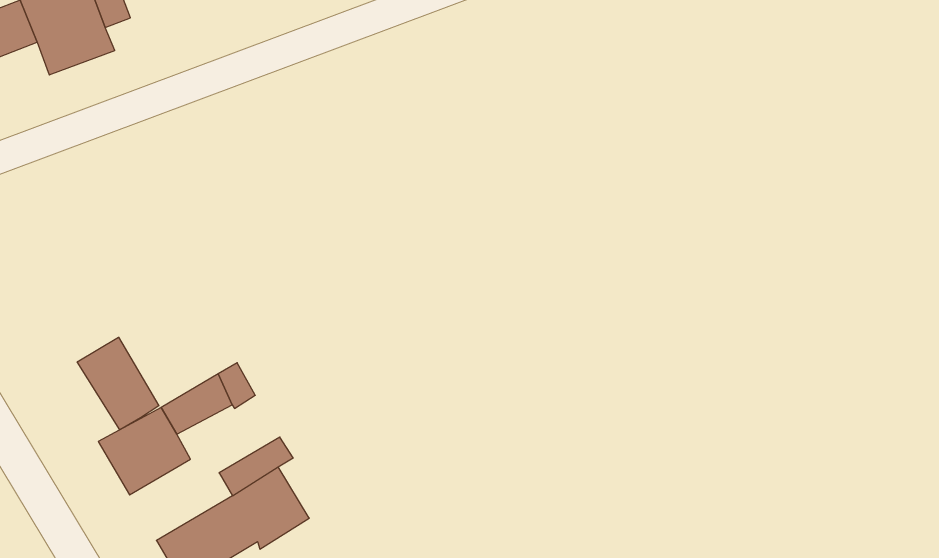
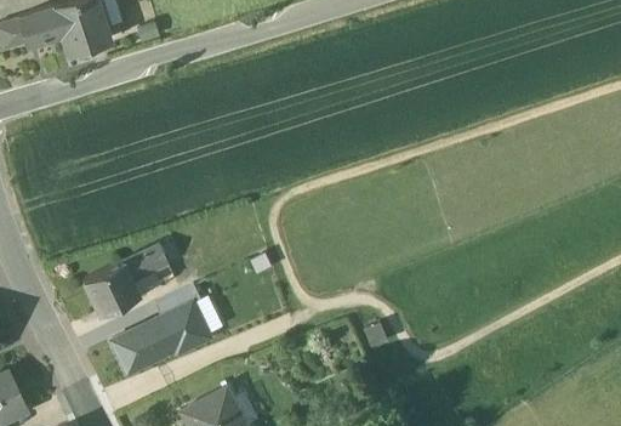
building: [77,337,159,430] -> none

